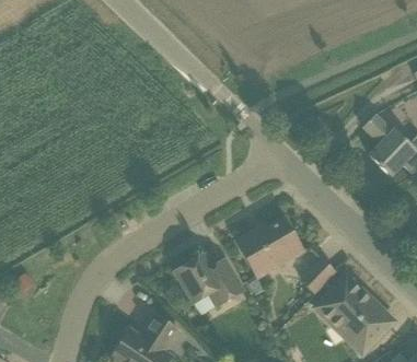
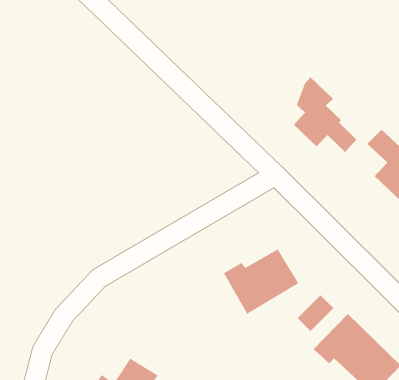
building: none -> [293,77,357,153]
building: [176,254,244,305] -> none

